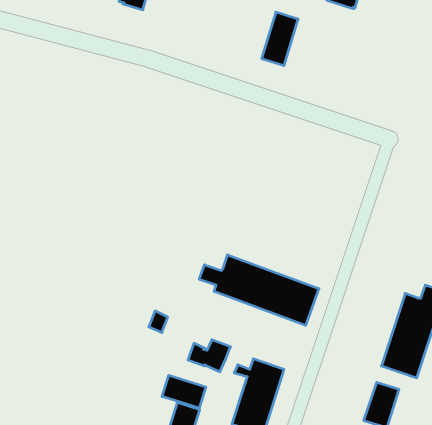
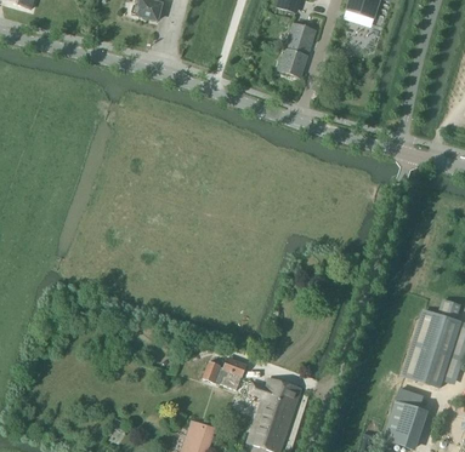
building: [199,255,319,325] -> none
building: [162,375,206,408] -> none

